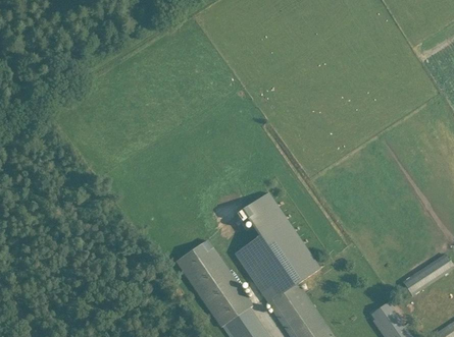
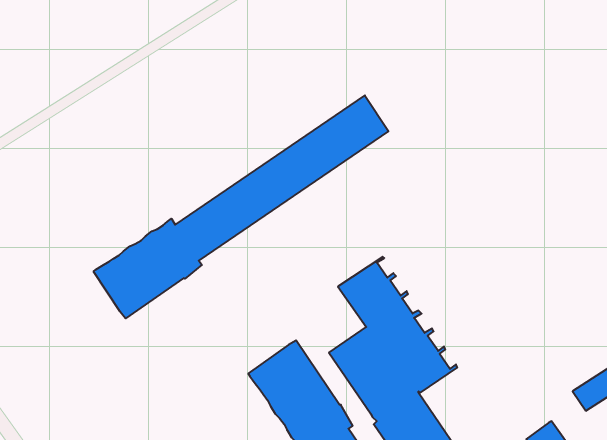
building: none -> [94,95,388,318]

